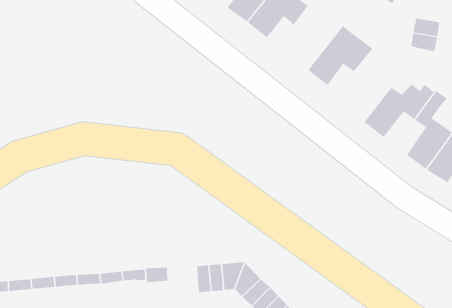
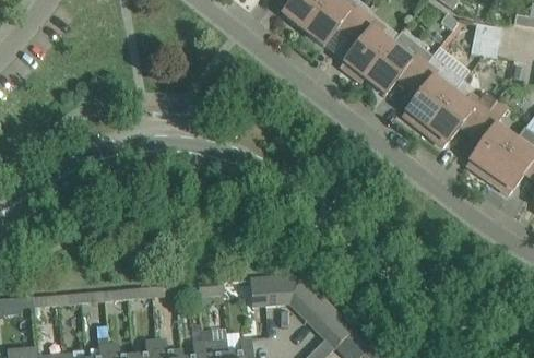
building: none -> [340,11,390,82]
building: none -> [402,55,463,130]

